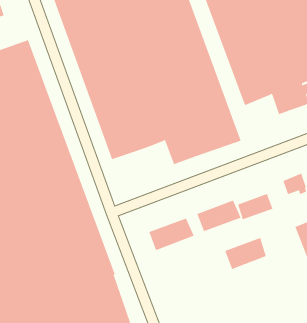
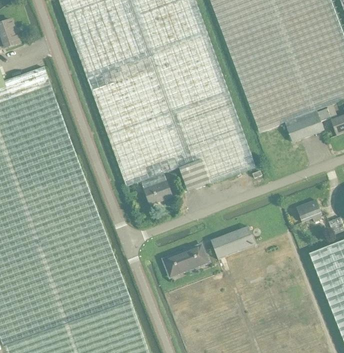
building: none -> [141,173,173,205]
building: [237,193,273,220] -> none
building: [224,237,267,270] -> none

